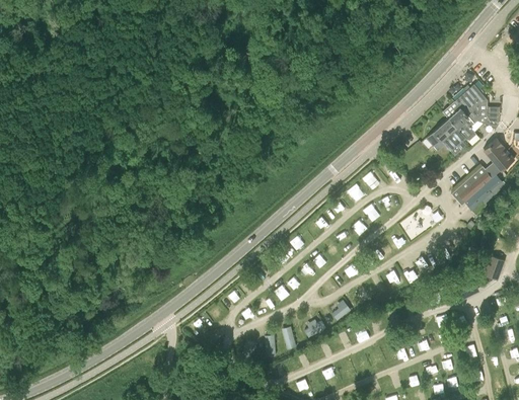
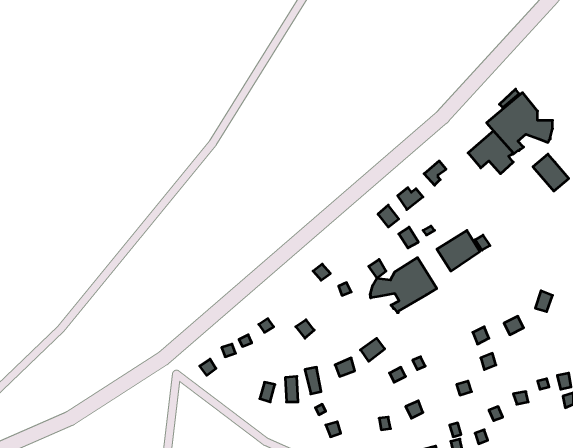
building: [450,167,501,217] -> none
building: none -> [370,258,437,313]

